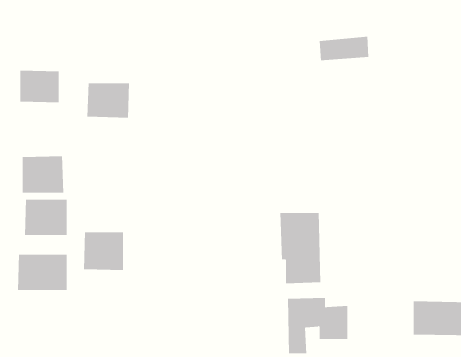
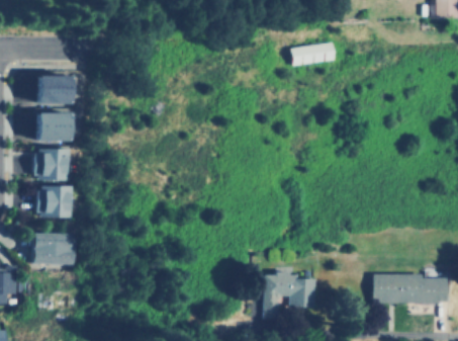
building: [87,83,130,118] -> [32,110,70,141]
building: [280,212,321,284] -> none
building: [83,231,124,271] -> none

